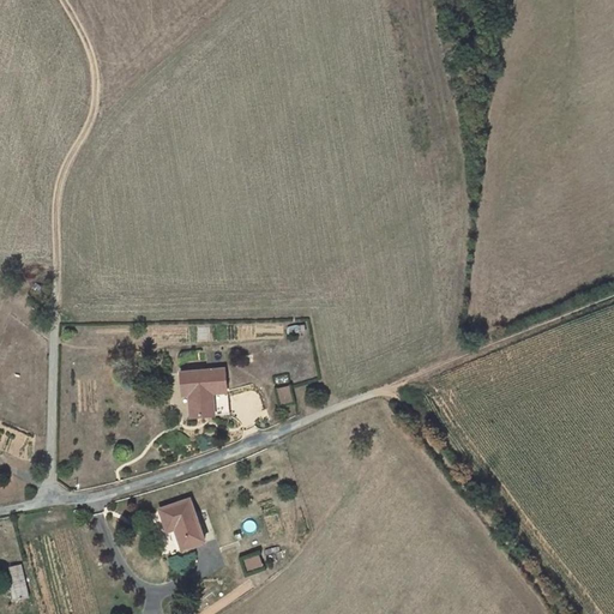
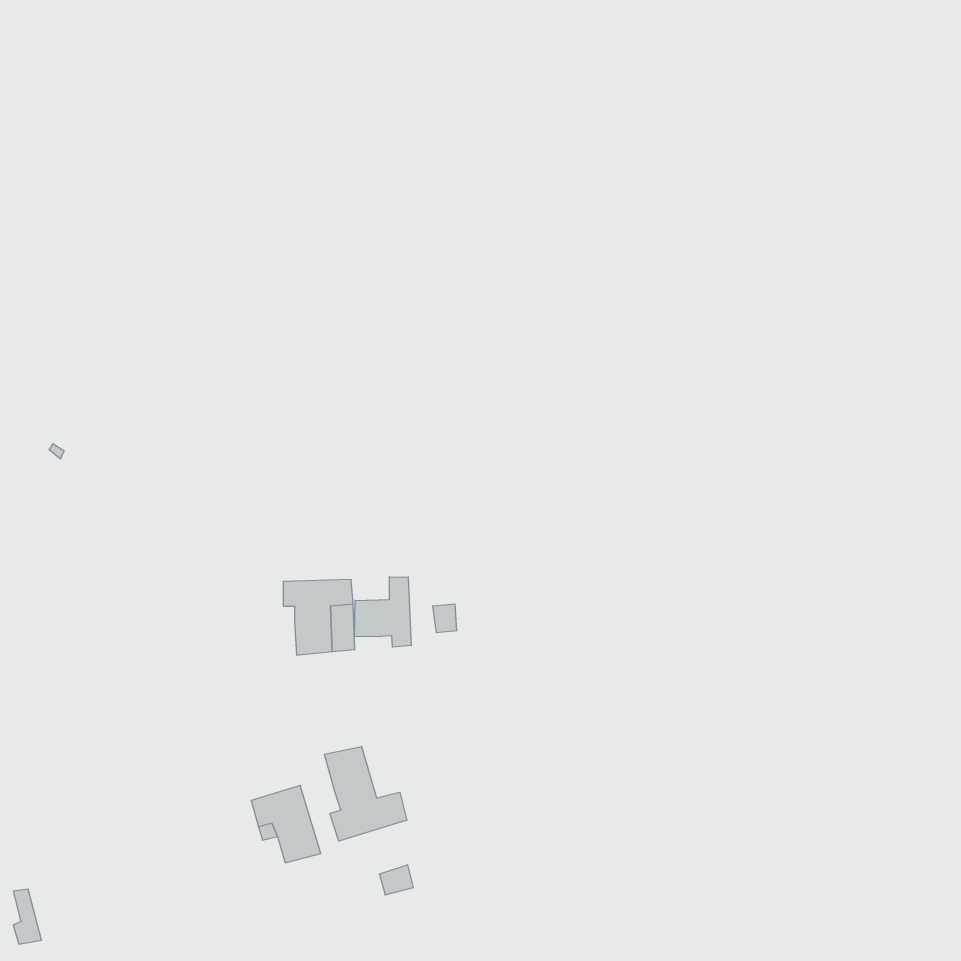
building: none -> [354,577,411,647]
building: none -> [325,746,407,841]

